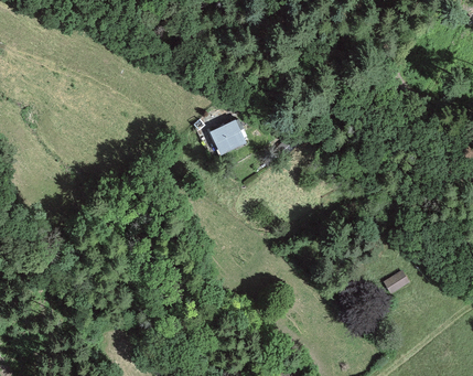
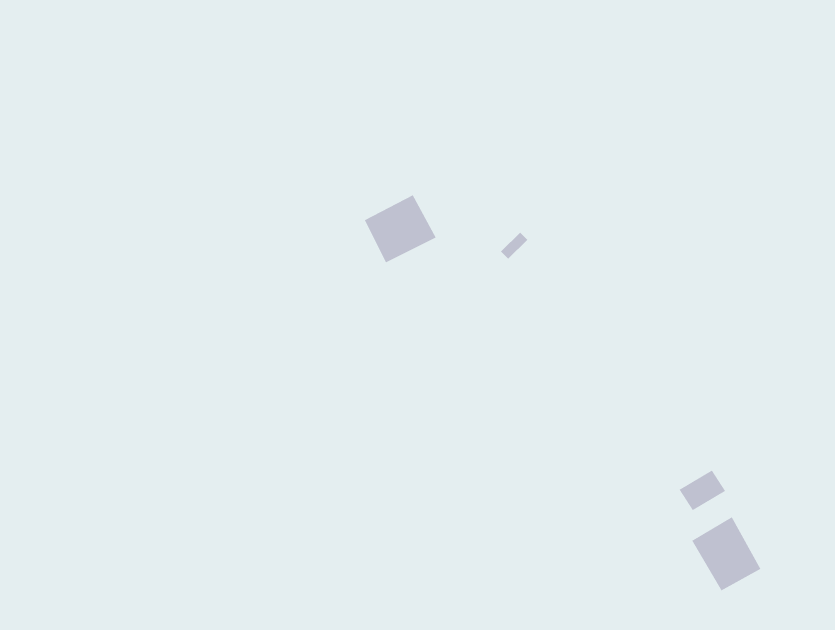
building: none -> [691,516,762,592]

